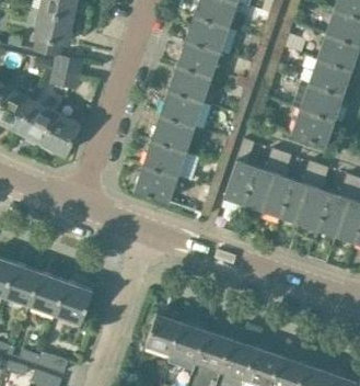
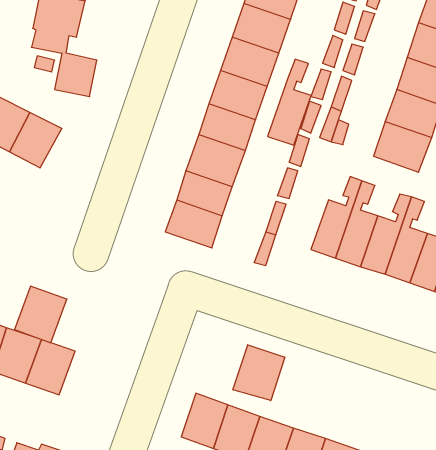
building: [40,114,81,157] -> none
building: [224,140,257,205] -> [268,59,311,145]
building: none -> [233,345,285,401]
building: [55,282,94,325] -> [14,286,67,343]

